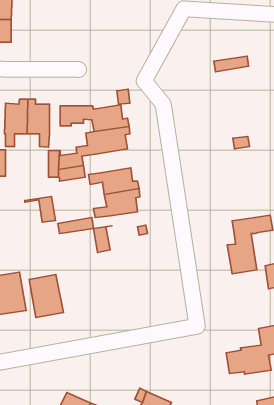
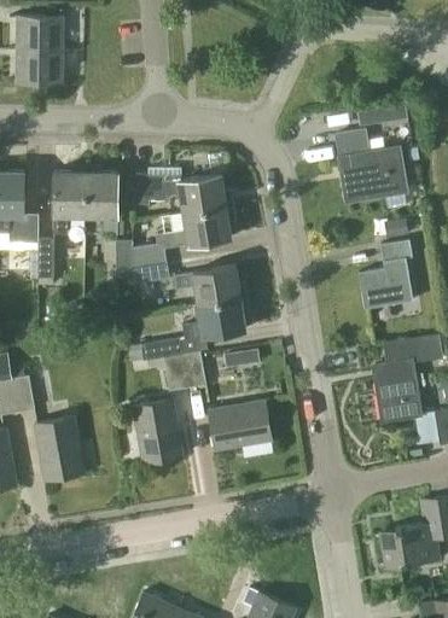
building: none -> [334,130,406,200]
building: none -> [359,239,412,308]
building: [25,196,56,222] -> [142,354,187,391]
building: none -> [209,401,270,449]
building: [29,275,63,318] -> [133,400,182,462]

